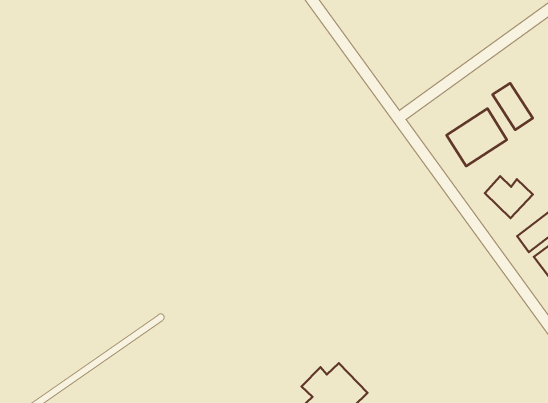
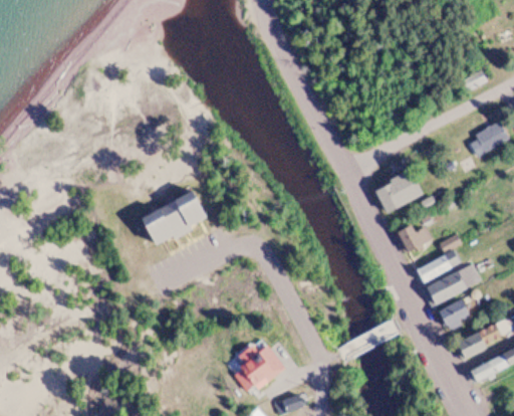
building: [493,83,533,130] -> none
building: none -> [145,192,211,243]

